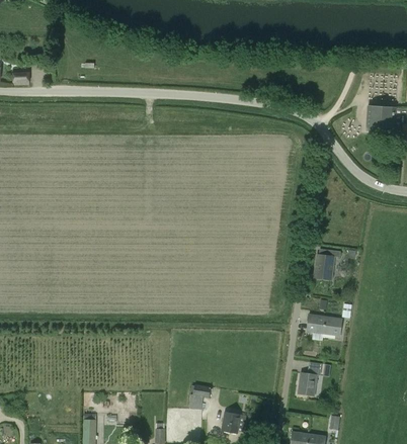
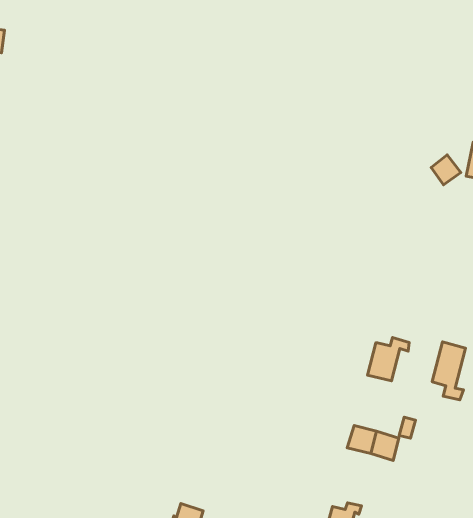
building: none -> [432,342,466,400]

